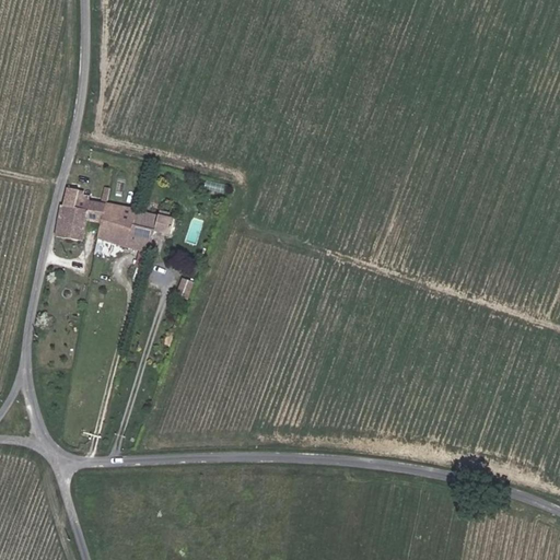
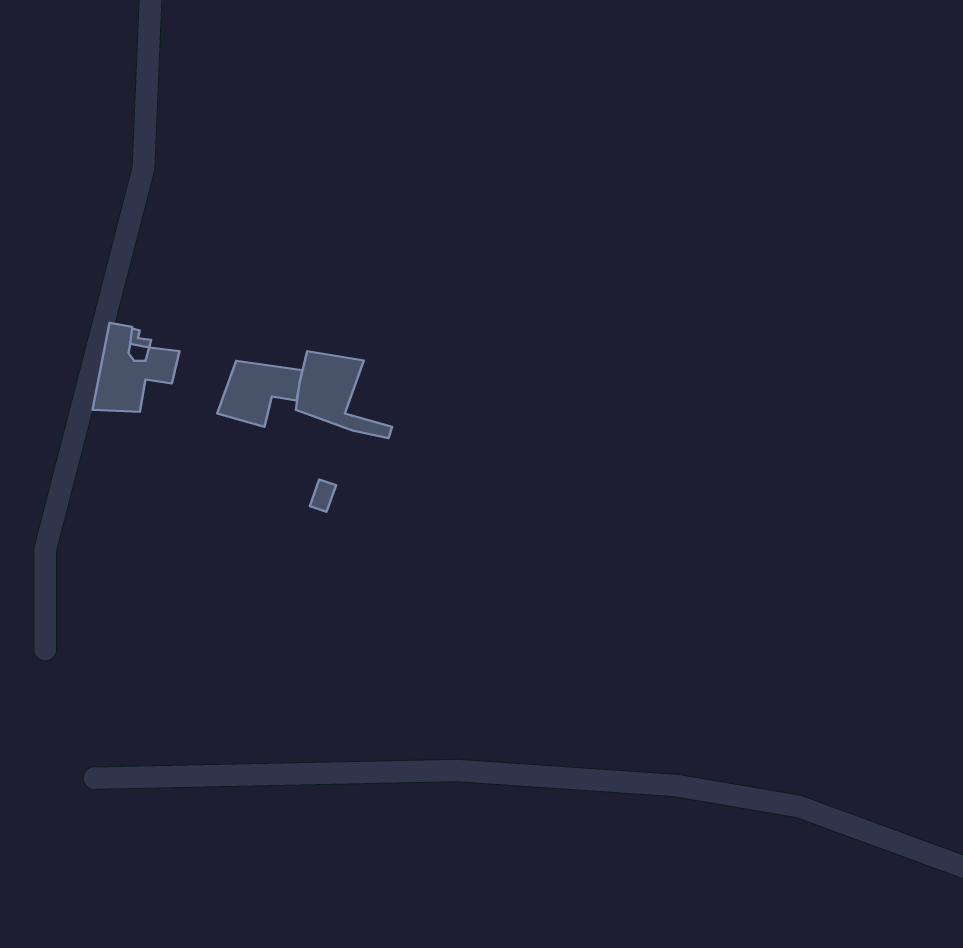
building: [97,203,153,254] -> [296,351,392,438]

